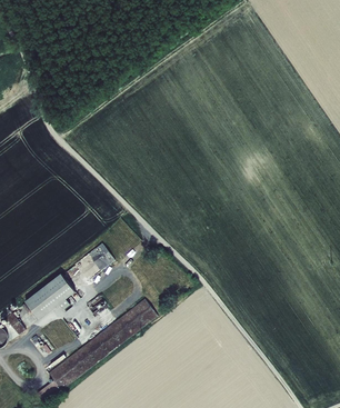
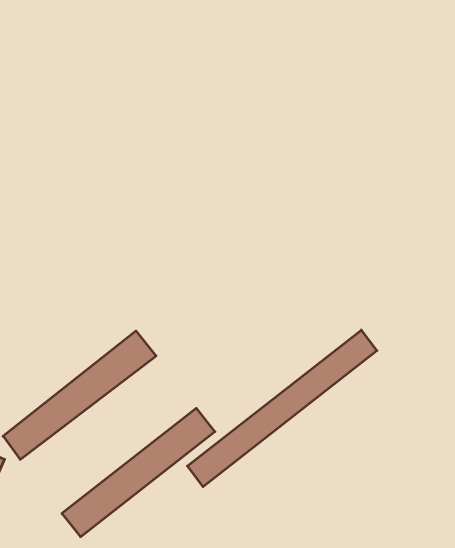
building: none -> [187,330,377,487]

